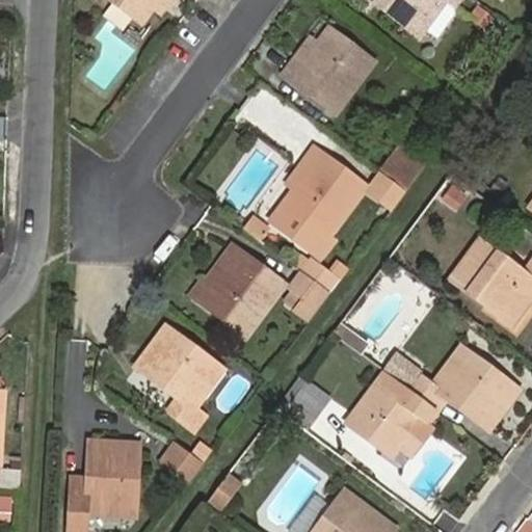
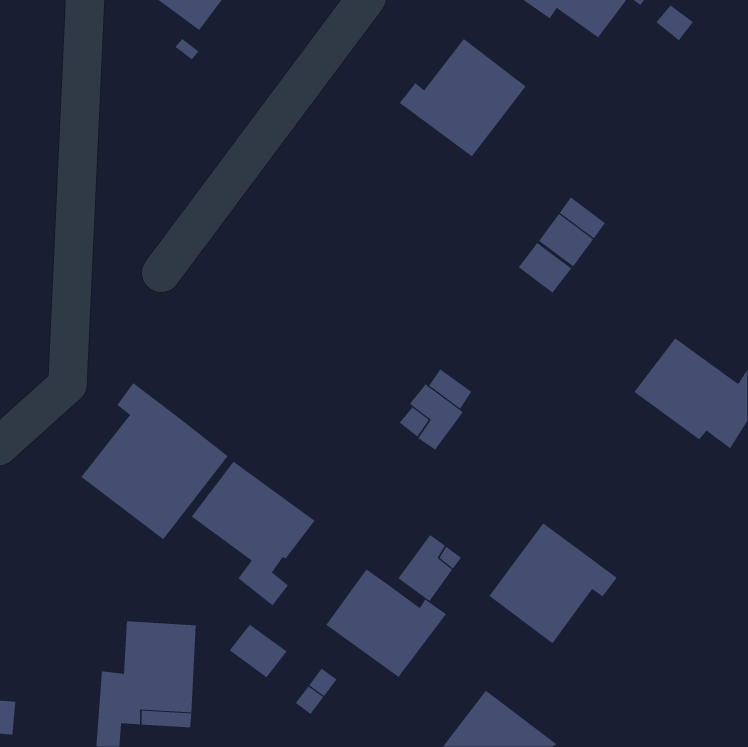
building: [270,147,366,257] -> none
building: [201,245,284,335] -> none
building: none -> [81,382,229,540]
building: [411,351,518,428] -> none
building: none -> [325,568,447,678]

